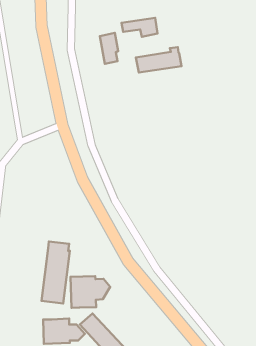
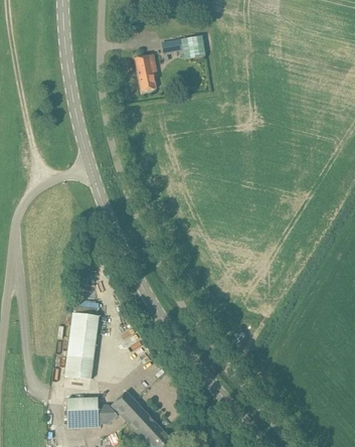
building: [136,47,182,72] -> none
building: [71,276,110,308] -> none

